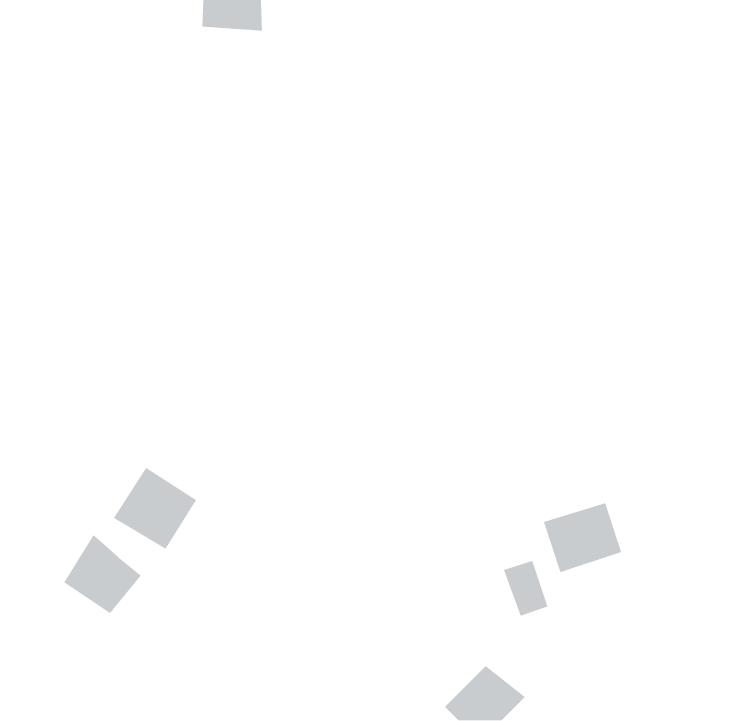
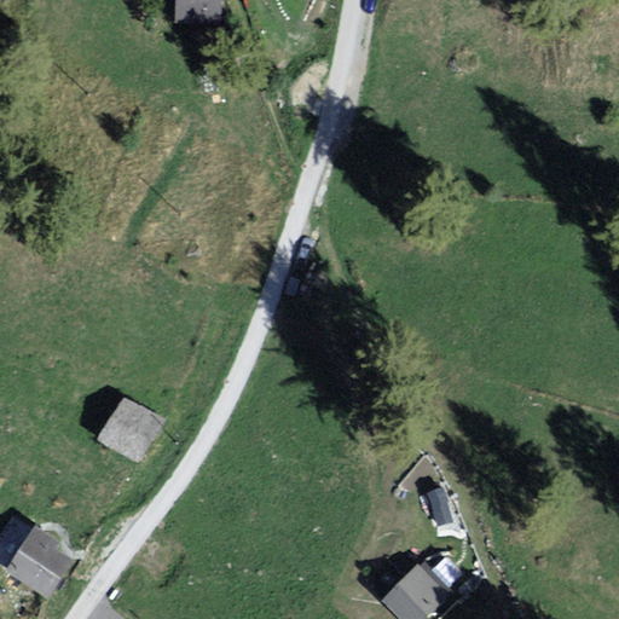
building: [543,502,622,573] -> none
building: [63,534,142,614] -> [8,528,75,596]

